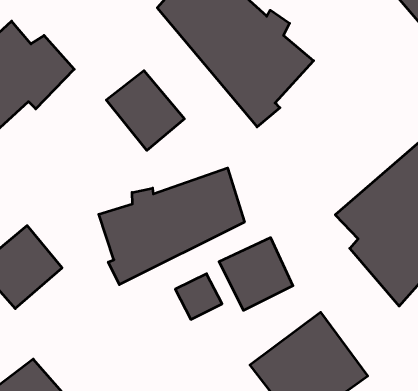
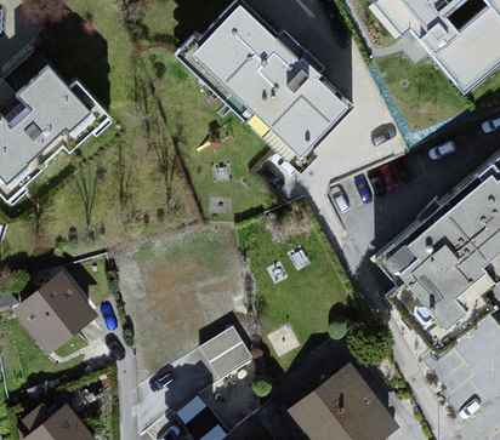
building: [106,71,184,150] -> none
building: [99,168,244,285] -> none
building: [219,238,293,310] -> none

